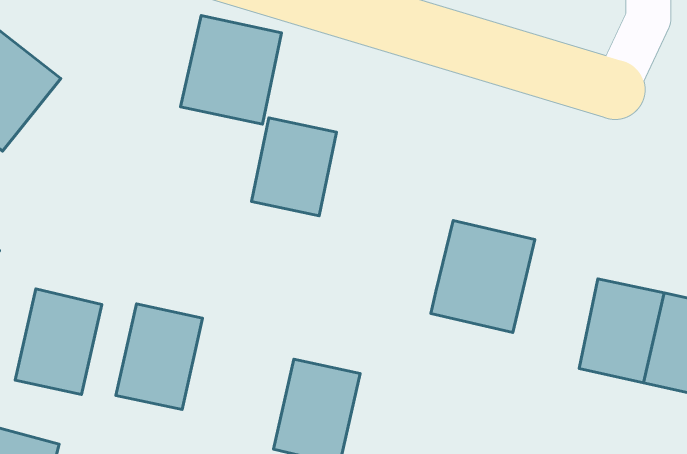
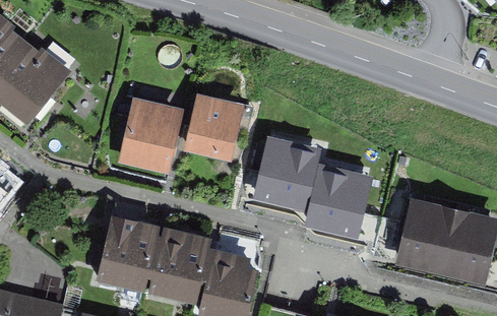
building: [181,15,281,124] -> [117,104,182,174]
building: none -> [254,136,321,208]
building: [15,289,102,394] -> [151,230,207,298]

